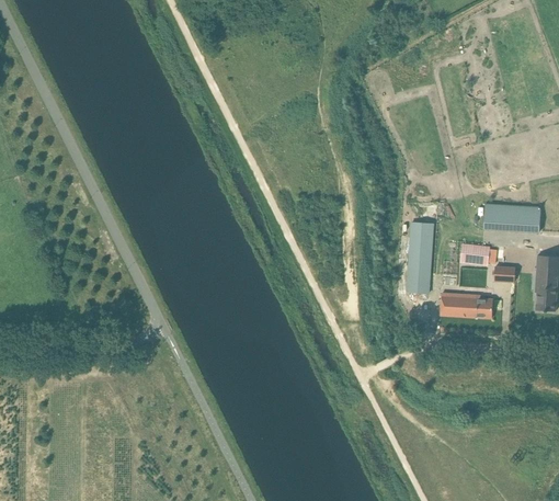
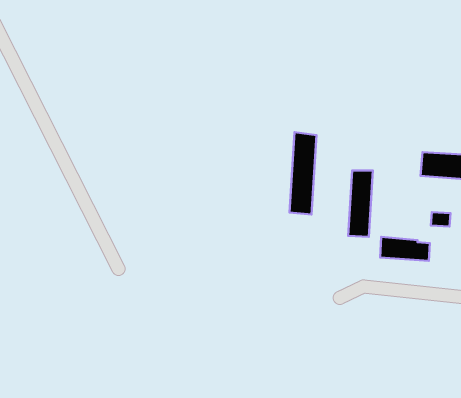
building: none -> [289,132,316,214]
building: [460,243,489,264] -> none

